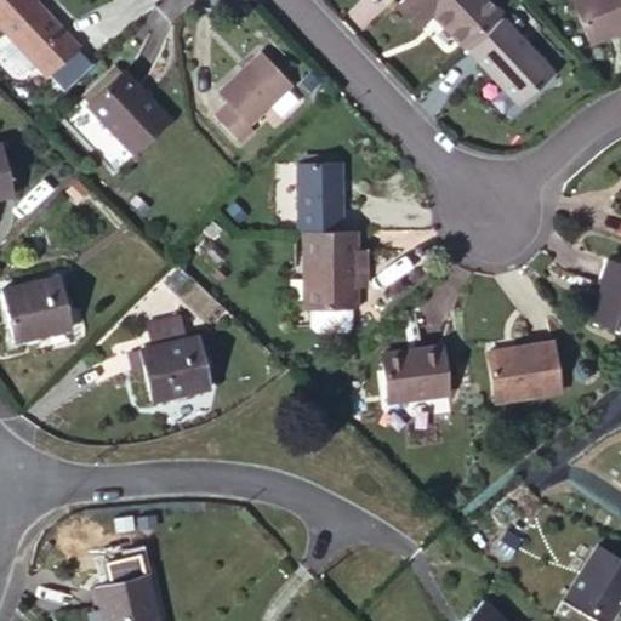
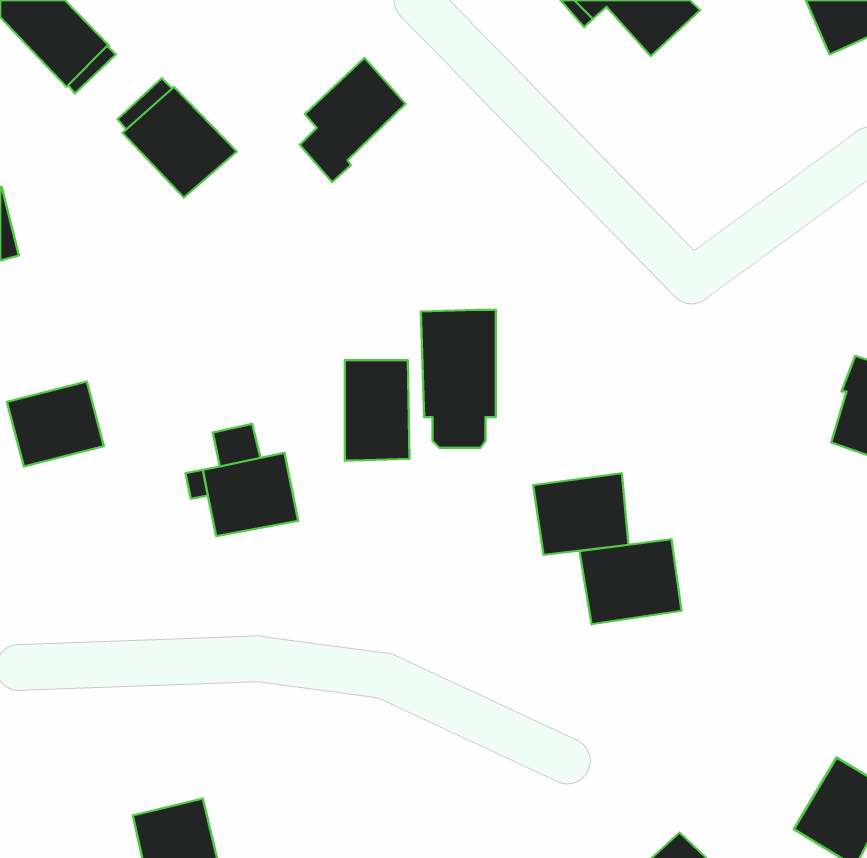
building: [472,21,556,107] -> none
building: [296,159,342,230] -> [345,360,409,461]
building: [489,344,562,405] -> [579,539,682,624]

